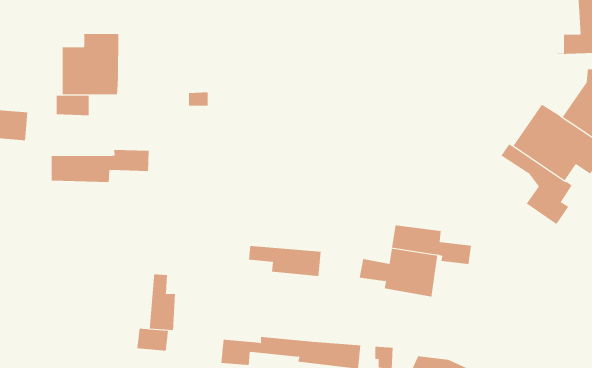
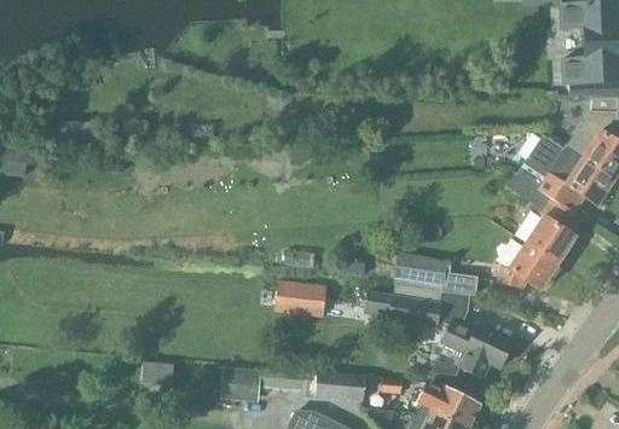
building: [62,33,119,95] -> none
building: [51,149,149,183] -> none
building: none -> [496,234,563,291]
building: [149,274,176,331] -> none
building: none -> [432,320,513,378]

